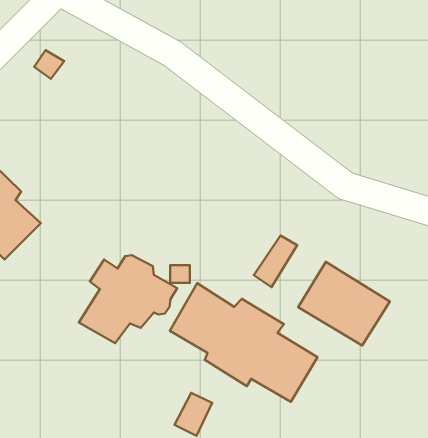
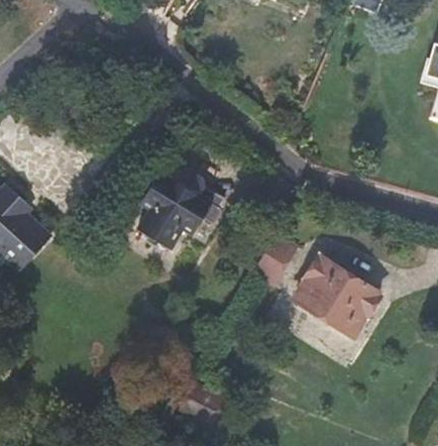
building: [79,255,177,343] -> [134,171,224,251]
building: [170,283,318,402] -> none

